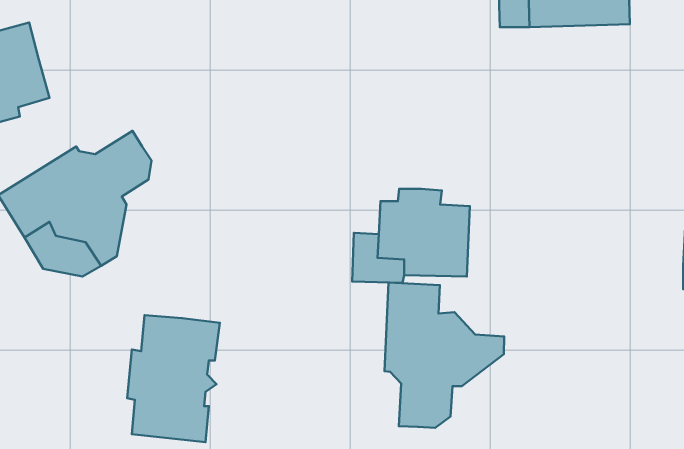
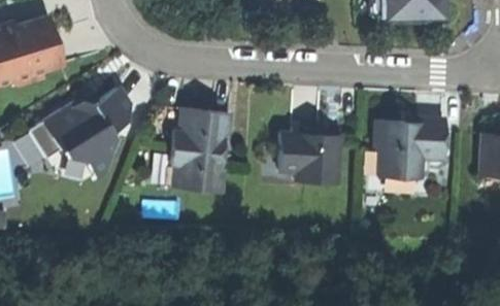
building: none -> [376,117,447,177]
building: [384,282,504,428] -> none
building: [127,315,220,442] -> [172,107,233,191]

